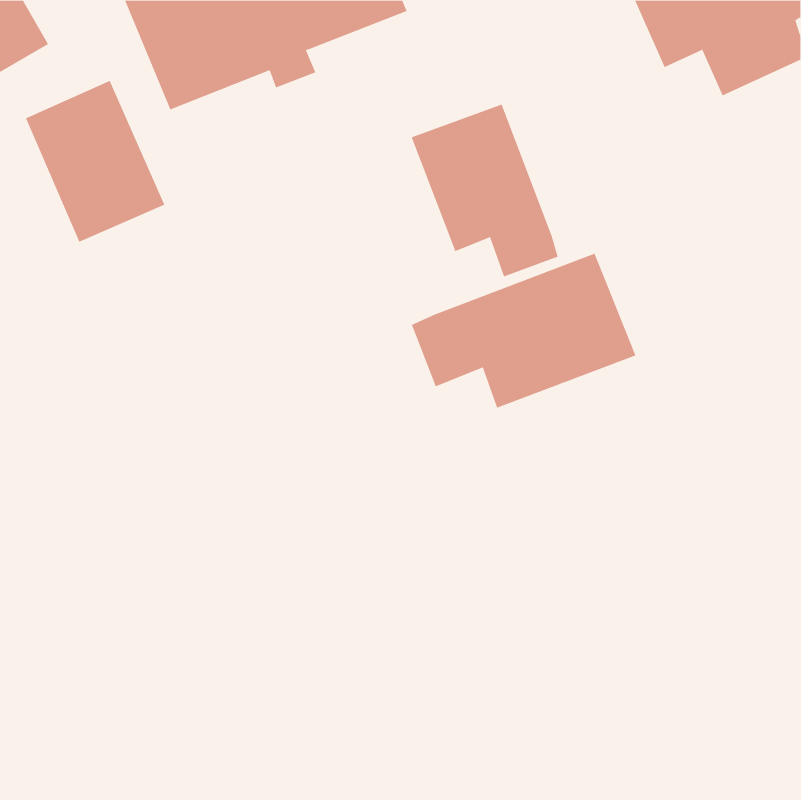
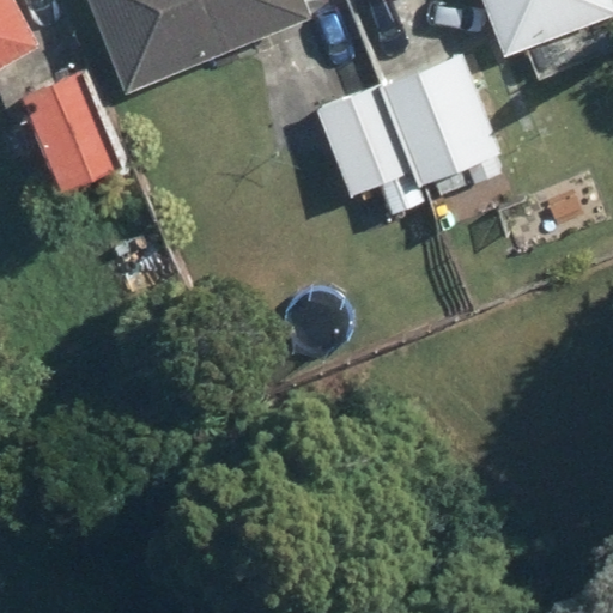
building: none -> [382,53,499,183]
building: [411,253,636,409] -> none

